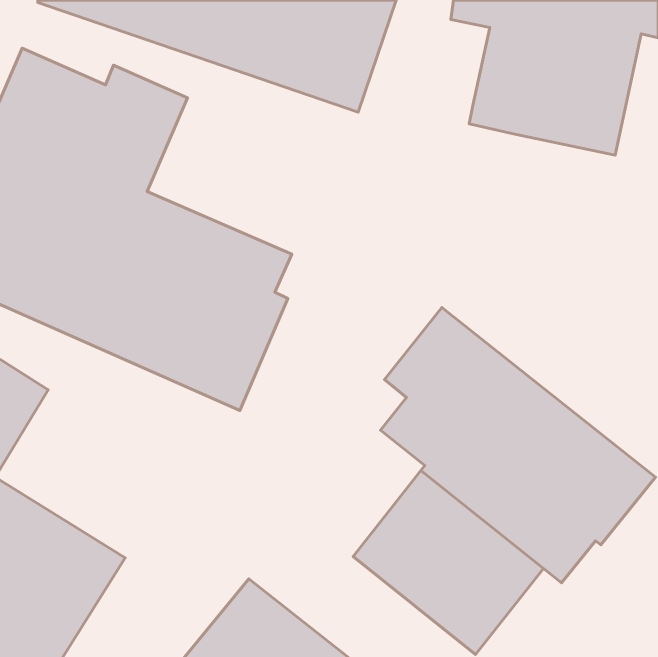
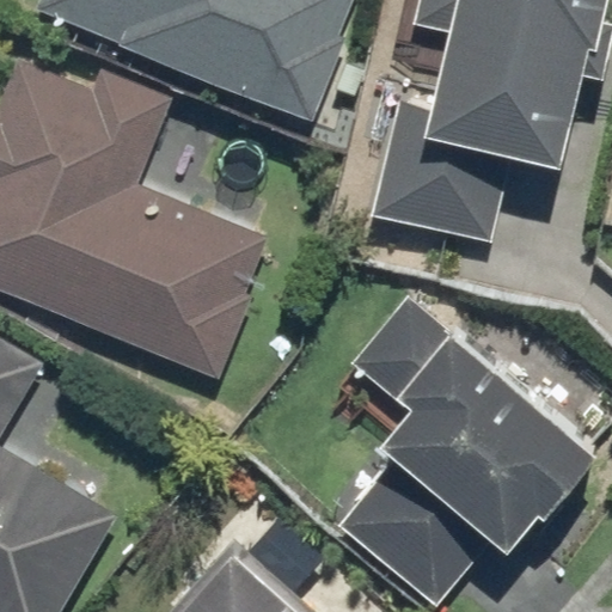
building: none -> [372,97,510,239]

